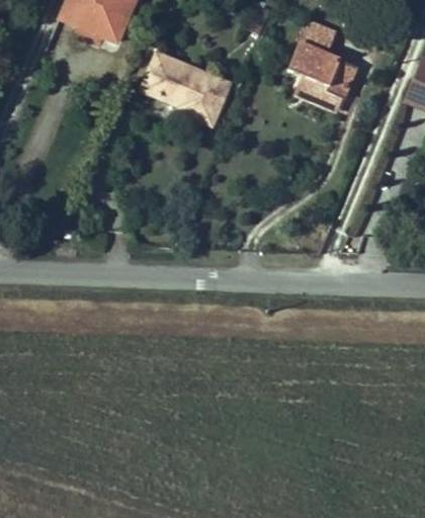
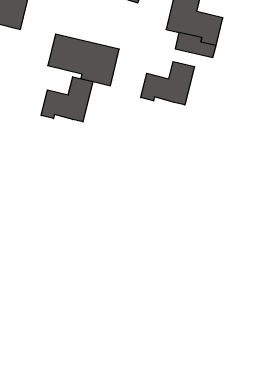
building: none -> [41,77,93,122]
building: none -> [141,62,194,105]

